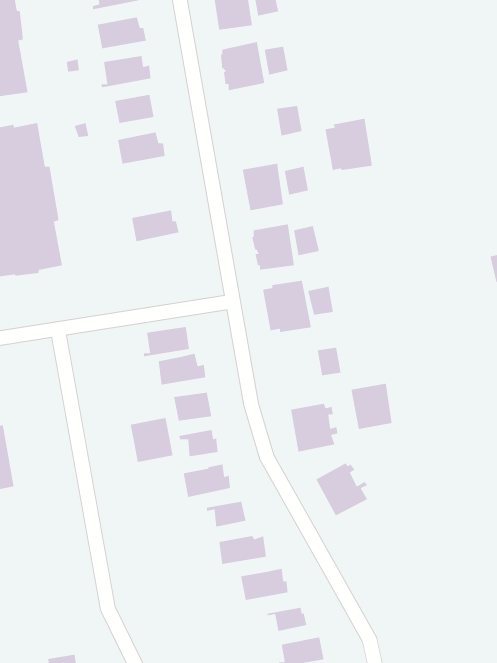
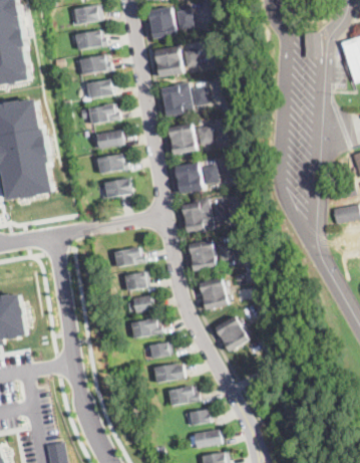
building: [325,118,373,171] -> [161,82,193,117]
building: none -> [92,130,123,149]
building: [143,326,190,357] -> [102,178,132,198]
building: [351,383,393,430] -> [189,240,216,270]
building: [130,417,173,463] -> none

